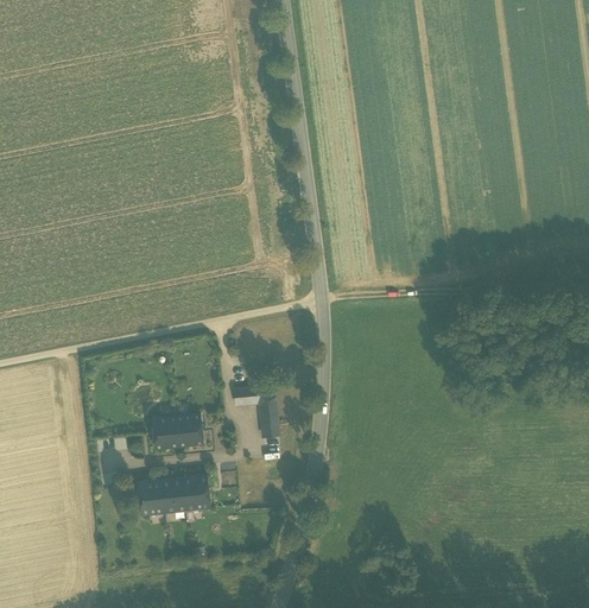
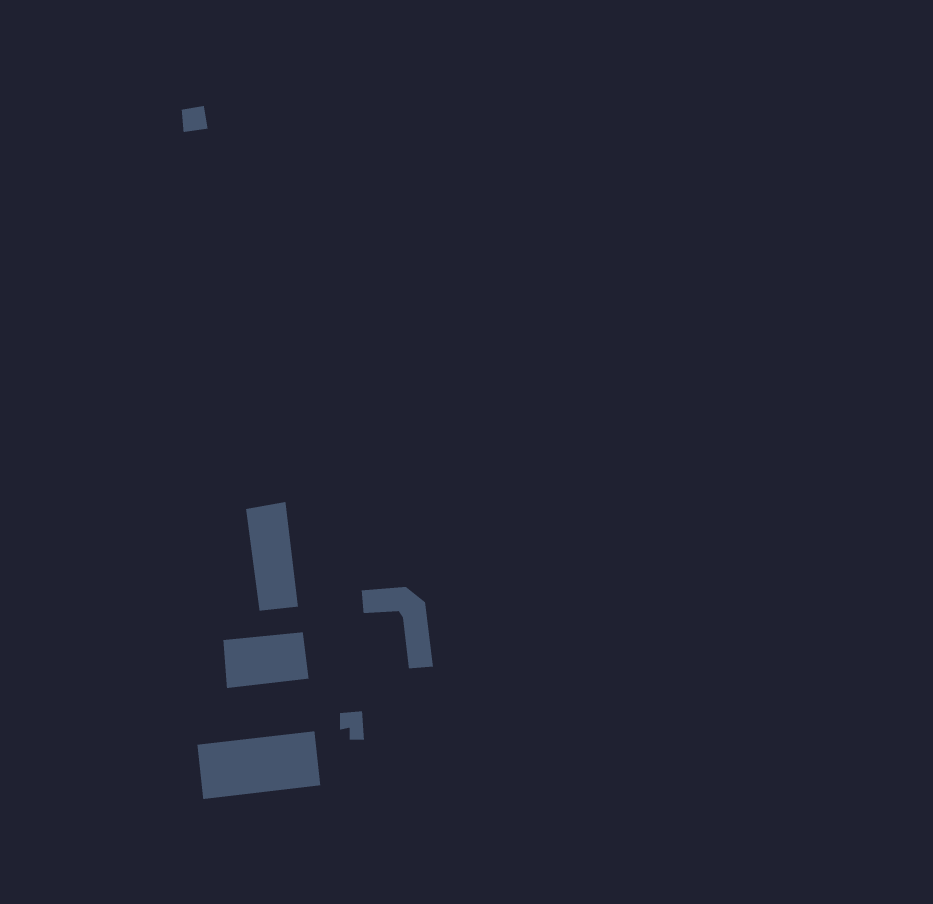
building: none -> [245,501,299,612]

